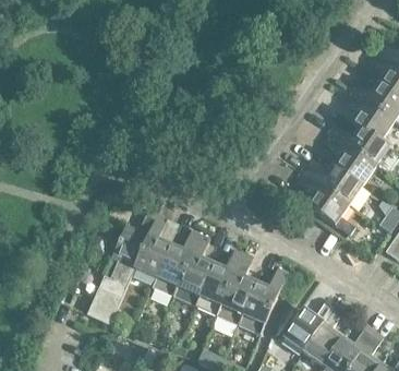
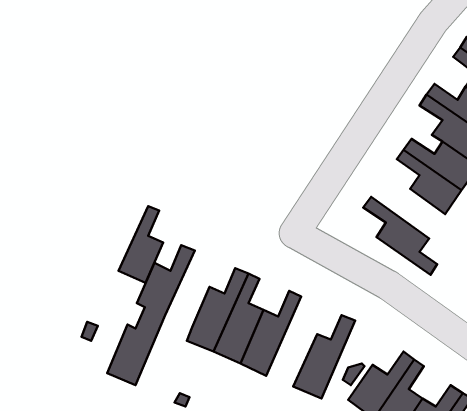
building: [301,164,361,206] -> none
building: [134,216,170,278] -> [119,206,163,283]
building: [216,253,257,326] -> none

